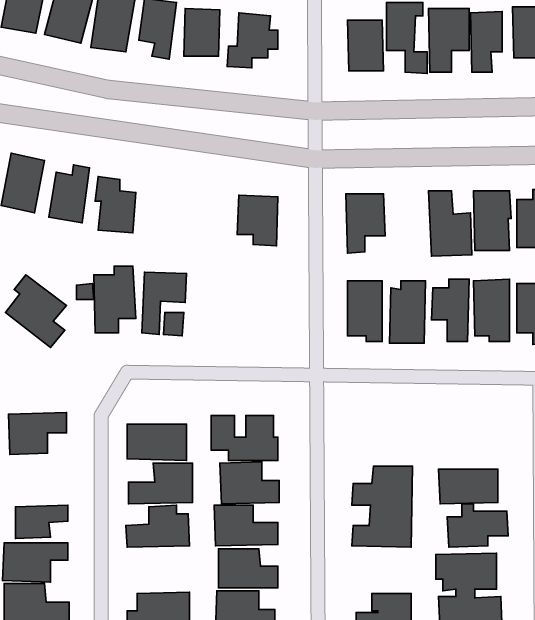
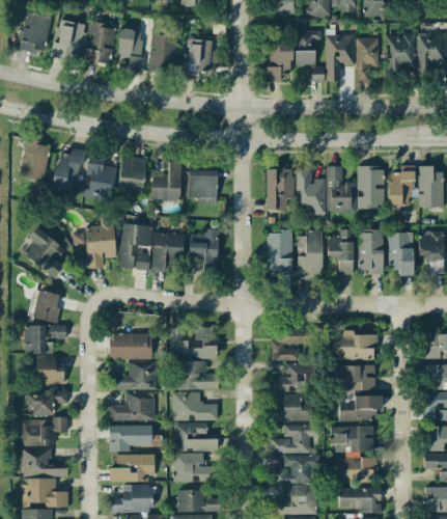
building: none -> [118,156,147,196]
building: none -> [152,161,181,200]
building: none -> [296,167,326,214]
building: none -> [190,230,219,270]
building: none -> [152,231,185,272]
building: none -> [28,289,61,323]
building: none -> [271,329,310,360]
building: none -> [334,333,378,360]
building: none -> [36,355,64,384]
building: none -> [109,425,152,452]
building: none -> [271,425,319,453]

